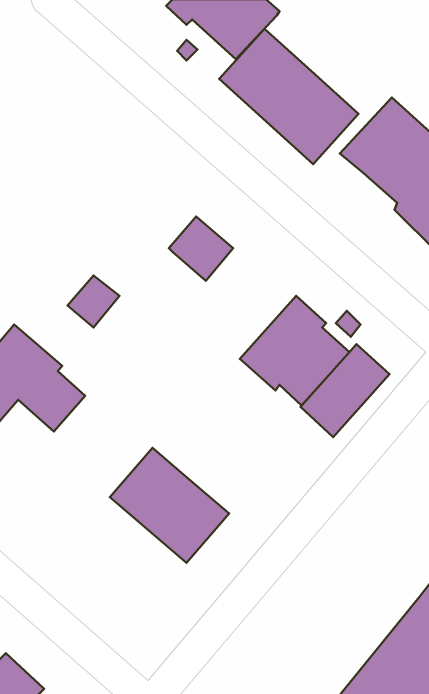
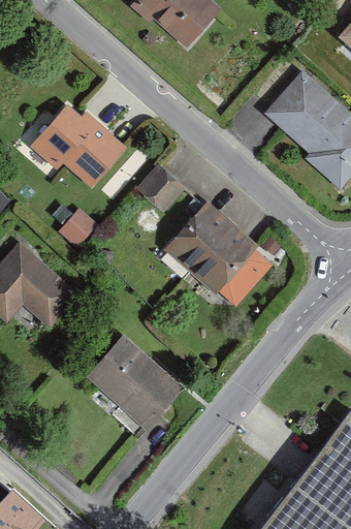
building: [219,29,358,164] -> none
building: none -> [30,104,123,186]
building: [300,344,389,437] -> [163,201,230,272]

